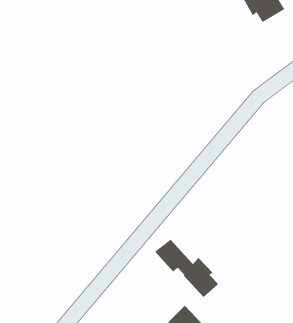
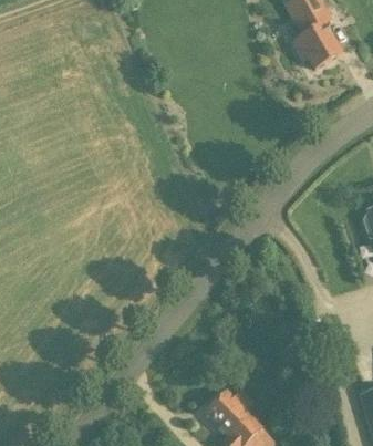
building: [154,239,219,298] -> none

